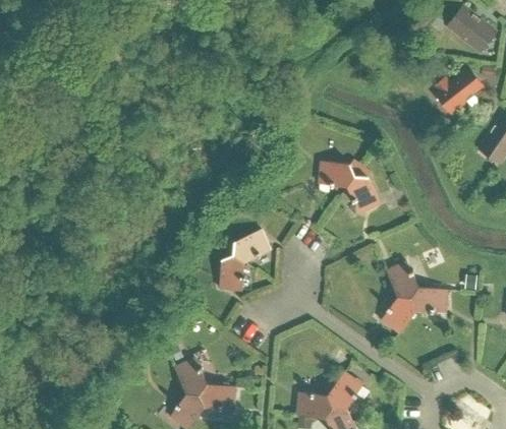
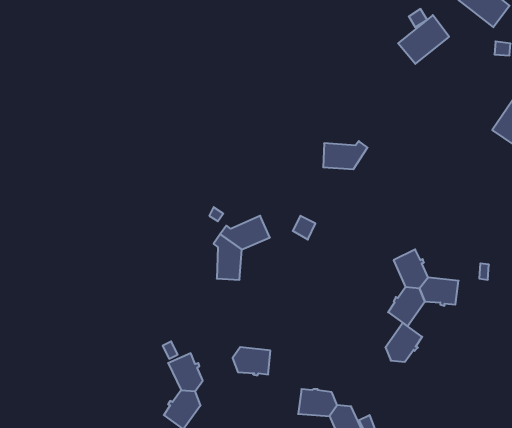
building: [435,67,483,113] -> [398,15,449,64]
building: [348,165,379,211] -> none
building: [328,371,362,408] -> [385,323,422,362]
building: [200,383,235,410] -> [233,347,270,375]

